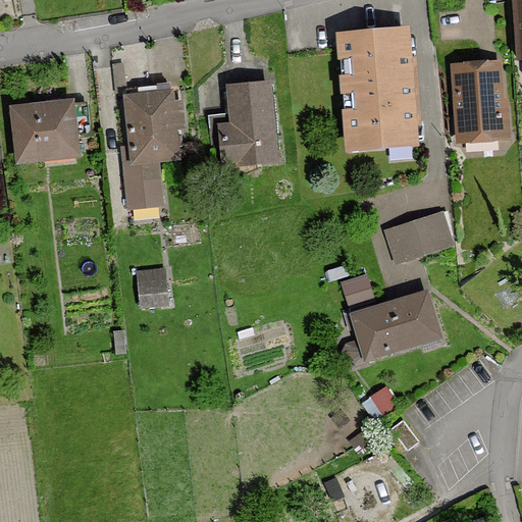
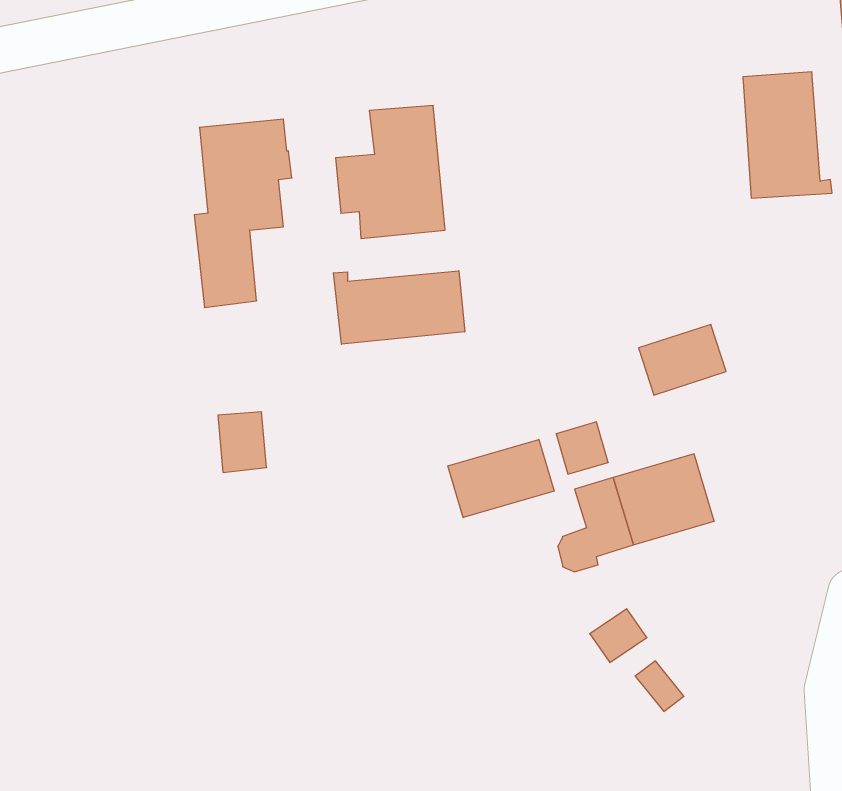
building: [343,30,412,146] -> none
building: [13,101,90,159] -> none
building: none -> [334,271,465,344]
building: none -> [448,439,554,518]

